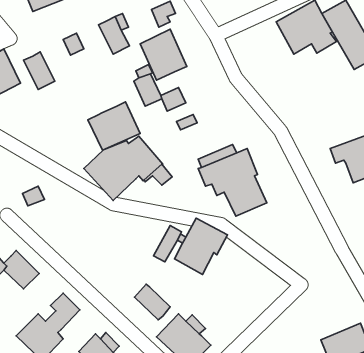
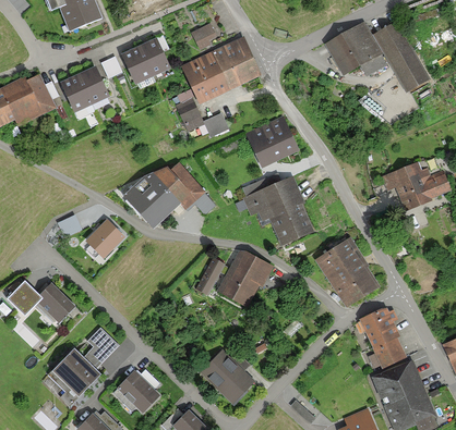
building: none -> [213,37,261,89]
building: none -> [120,46,153,85]
building: none -> [76,65,109,105]
building: none -> [244,115,299,168]
building: [88,102,140,150] -> none
building: none -> [84,218,124,258]
building: none -> [314,236,380,307]
building: none -> [359,307,407,369]
building: [134,284,170,320] -> none

